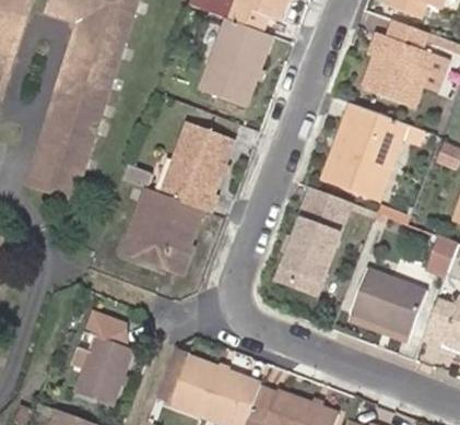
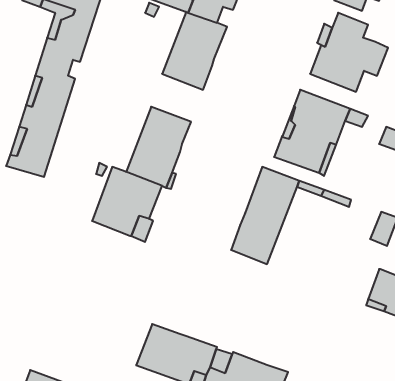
building: [355,272,427,335] -> none
building: [74,310,132,405] -> none

